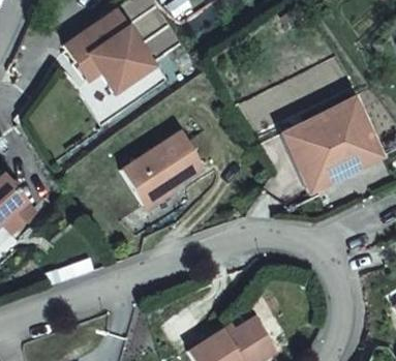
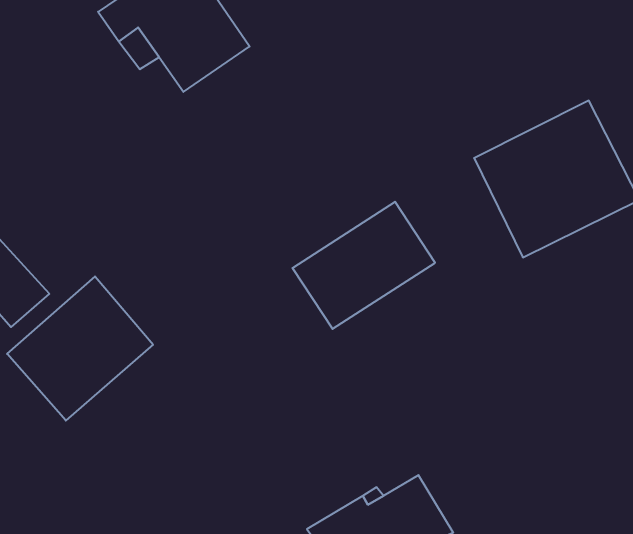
building: [121,130,206,206] -> [292,202,435,329]
building: none -> [7,276,153,421]

